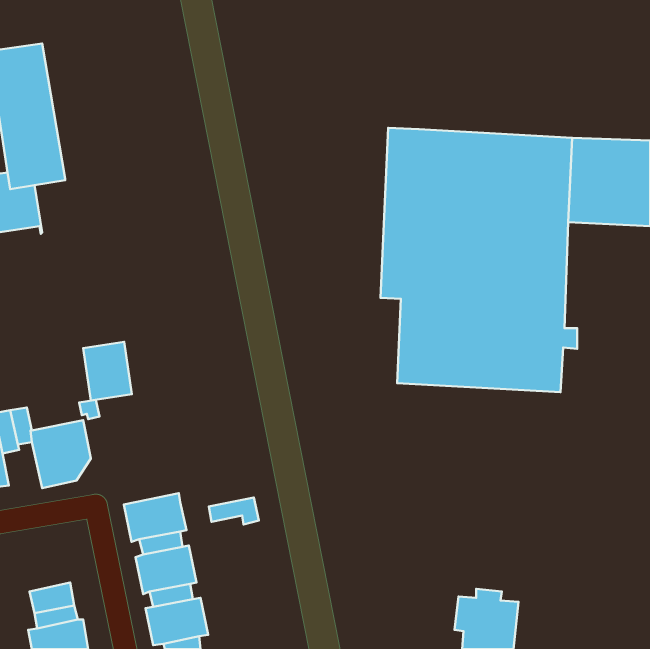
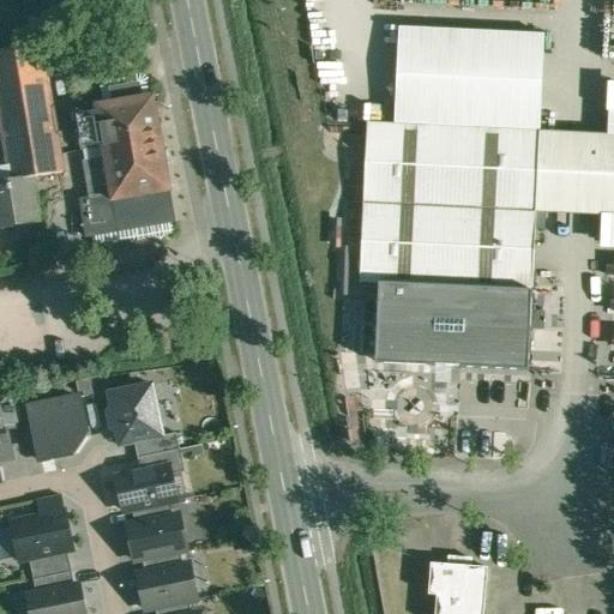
building: none -> [393,31,542,130]
building: none -> [73,70,175,246]
building: [83,342,132,401] -> [115,385,161,440]
building: [209,498,259,524] -> [137,446,183,471]
building: none -> [12,508,71,556]

